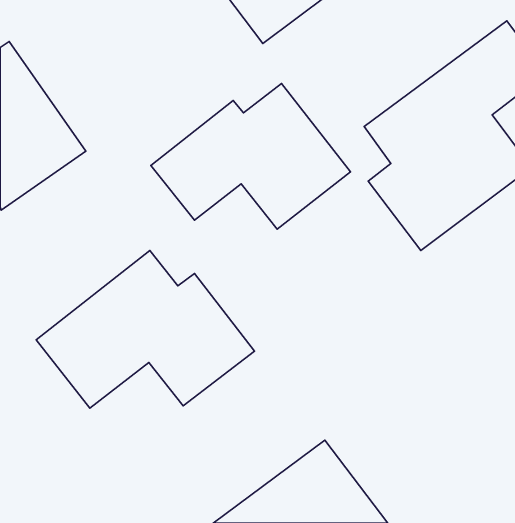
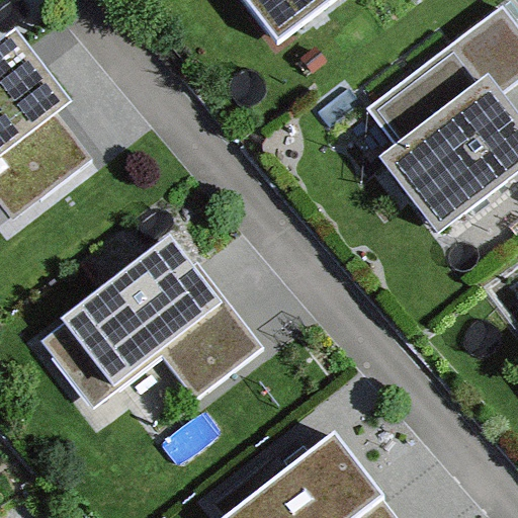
building: [151,83,351,229] -> none

